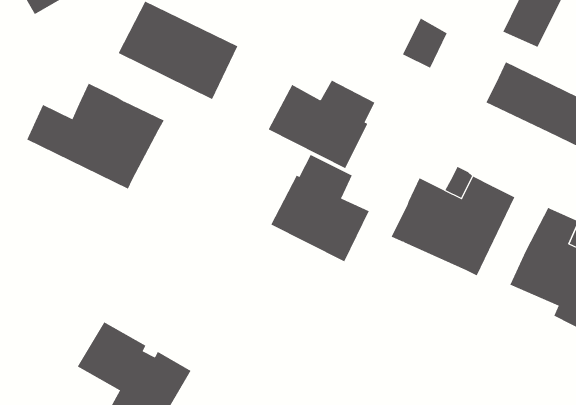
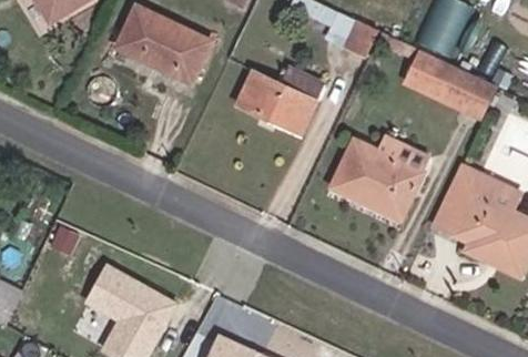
building: [26,83,164,190] -> none
building: [271,154,370,262] -> none

